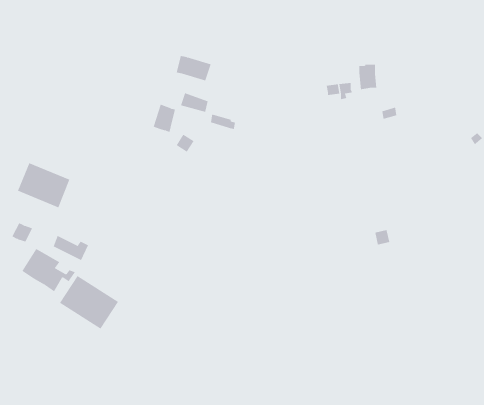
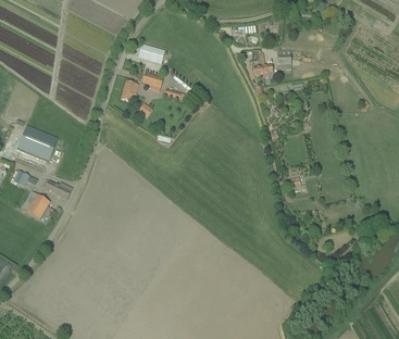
building: [59,275,119,330] -> none

